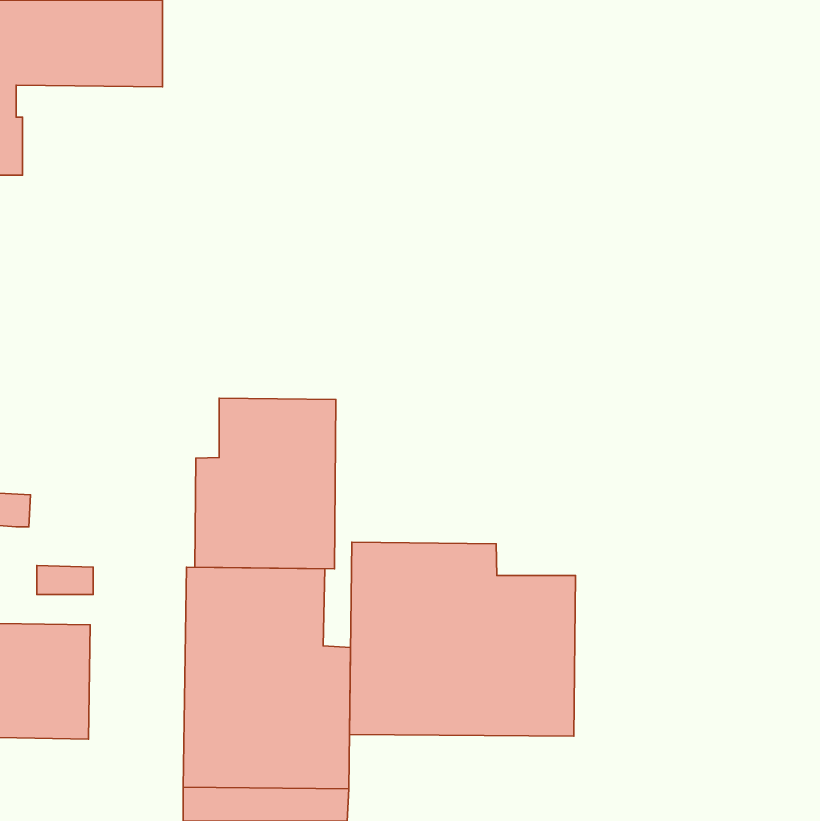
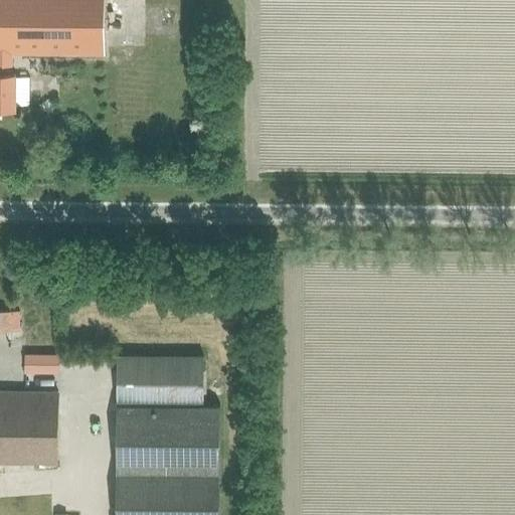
building: [195,398,336,569] -> none
building: [350,542,576,736] -> none

